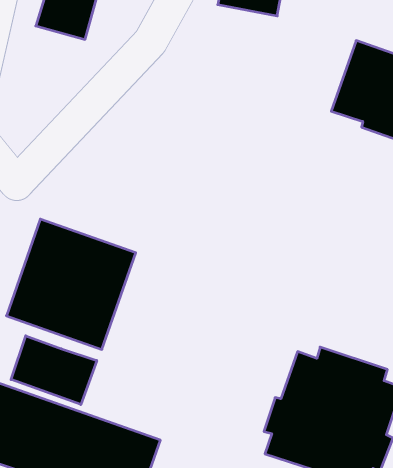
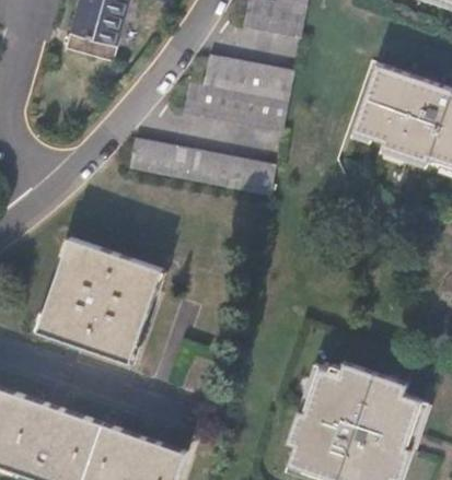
building: none -> [182,55,293,133]
building: none -> [128,138,275,196]
building: [11,336,97,405] -> none

